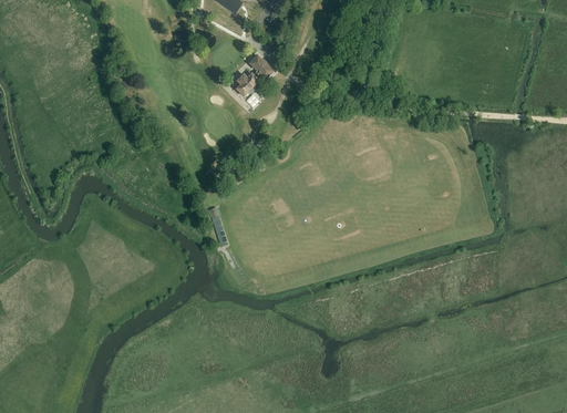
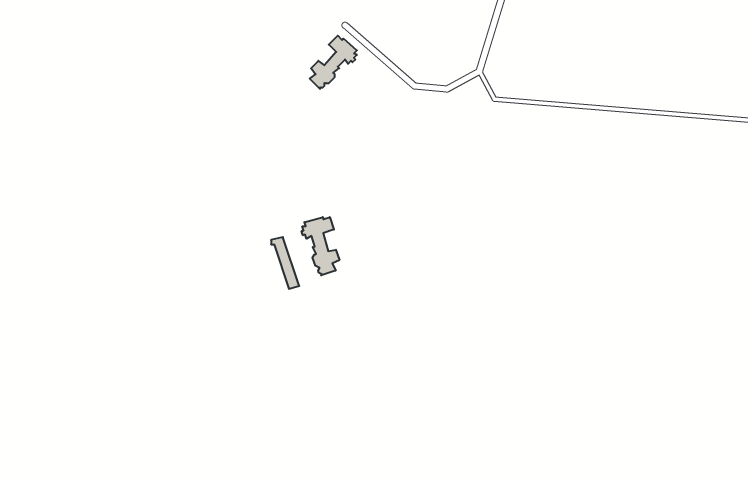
building: none -> [302,217,339,275]

